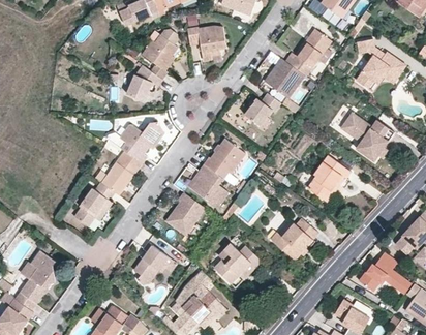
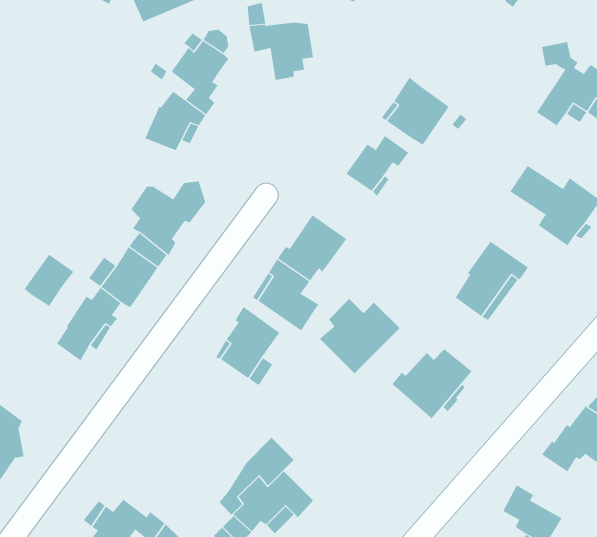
building: [286,28,331,77] -> none
building: none -> [24,254,74,307]
building: [214,243,262,287] -> [319,298,400,374]
building: [135,244,169,284] -> none

